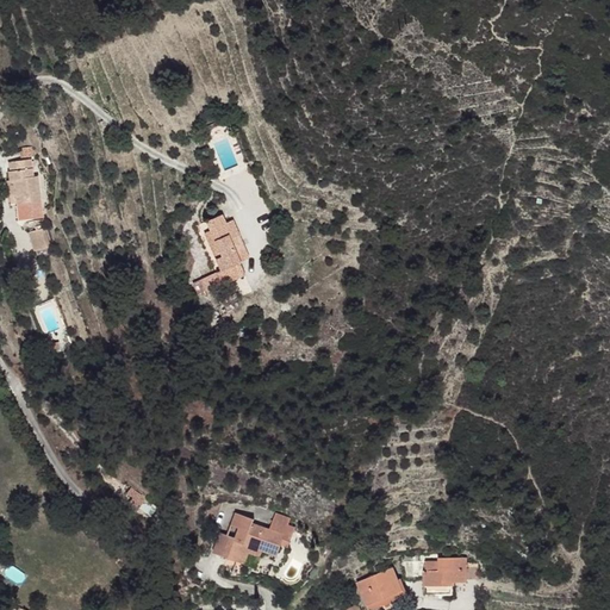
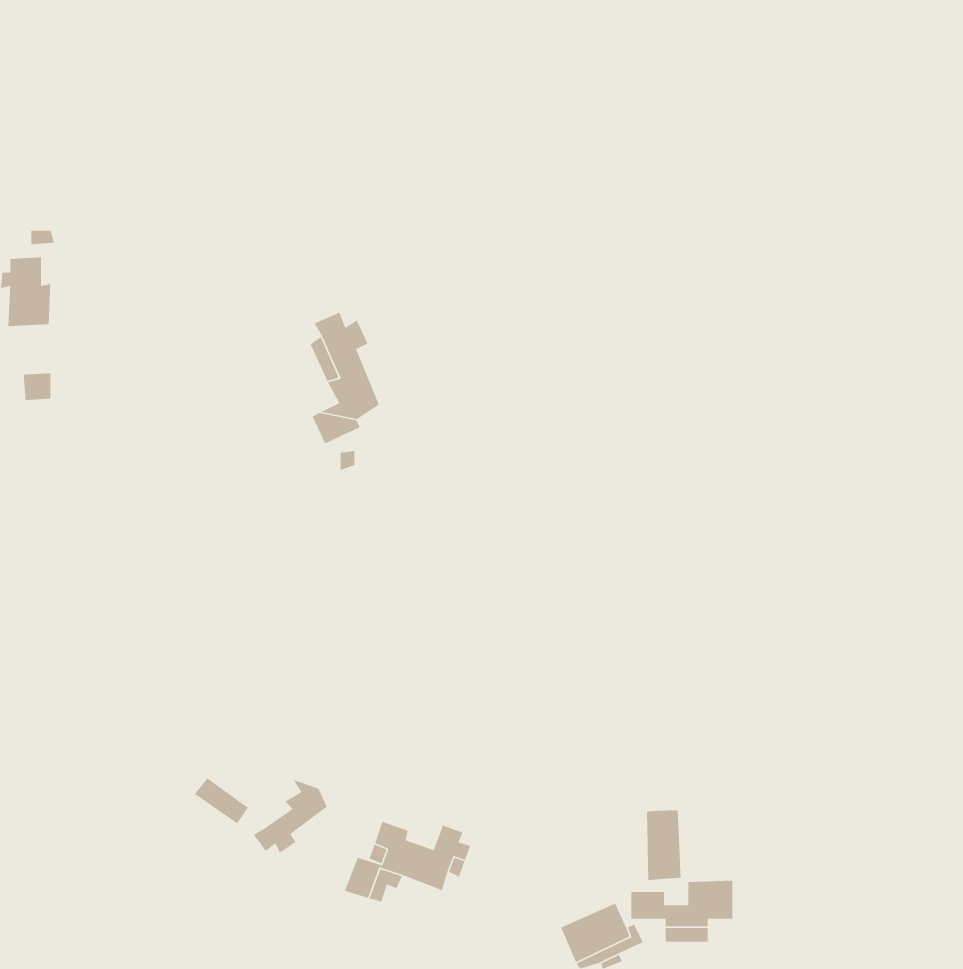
building: none -> [253,778,328,854]
building: none -> [646,810,682,881]

